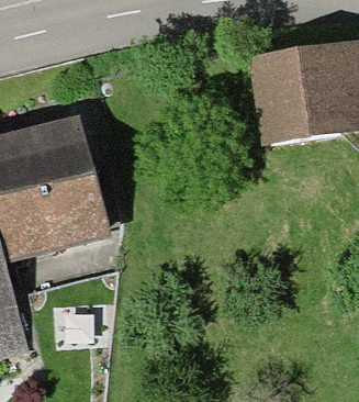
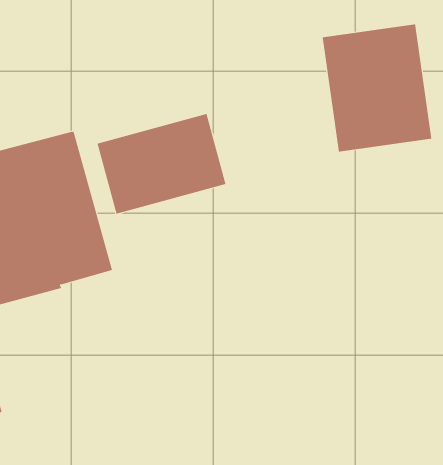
building: none -> [97,113,226,214]

